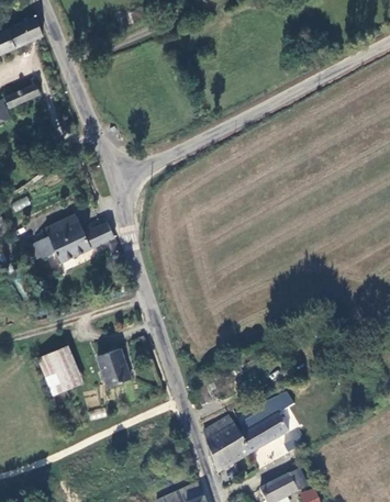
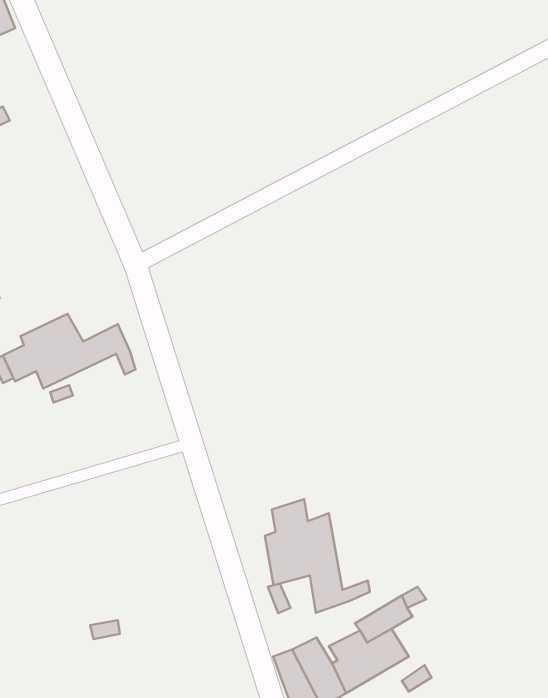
building: none -> [265,499,370,613]
building: [40,347,81,394] -> none
building: [98,352,130,387] -> none

